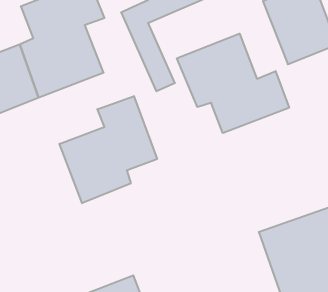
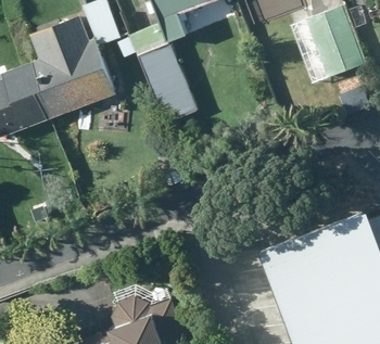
building: [177,34,289,133] -> none
building: [59,96,157,203] -> none

